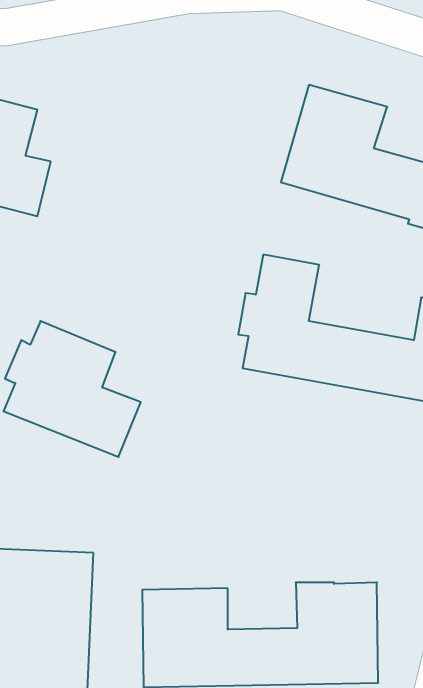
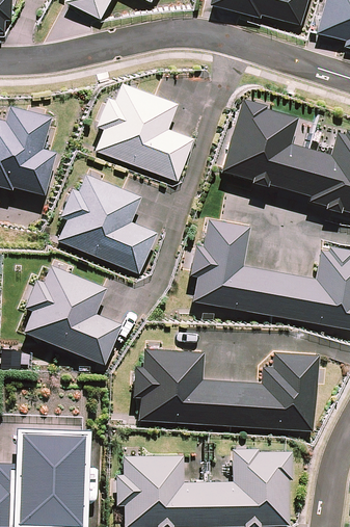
building: none -> [97,86,193,181]
building: none -> [57,177,155,273]
building: none -> [137,349,316,430]

